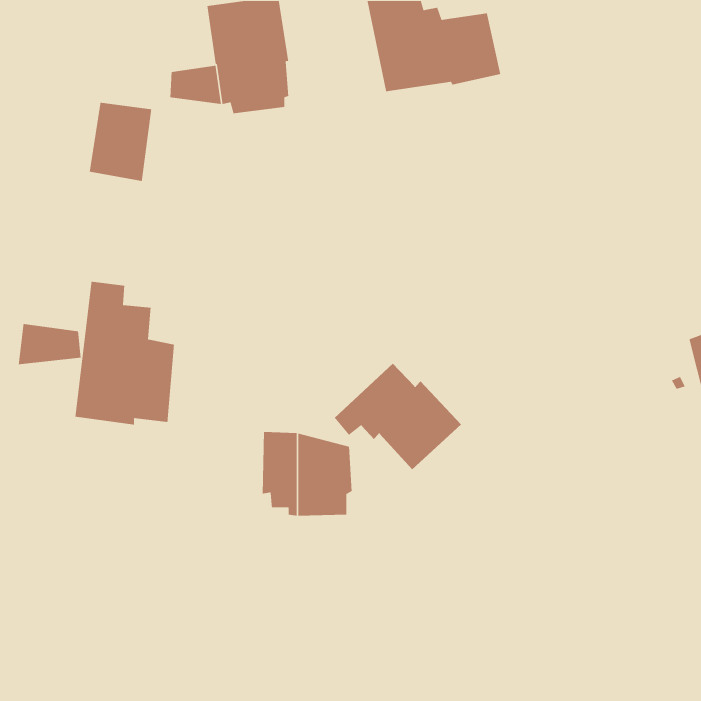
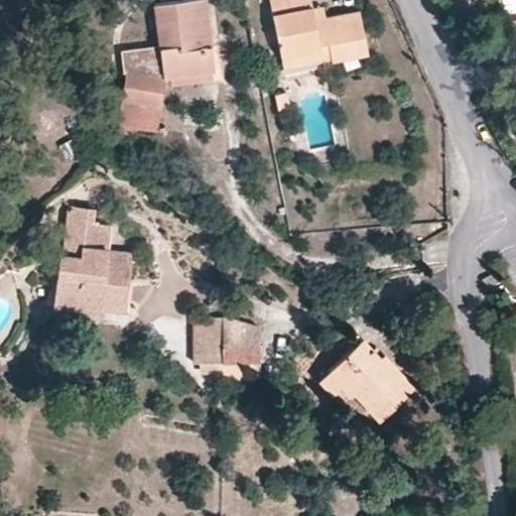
building: [89,102,152,182] -> [118,74,164,132]
building: [18,323,82,365] -> none
building: [334,363,462,470] -> [320,341,414,419]

